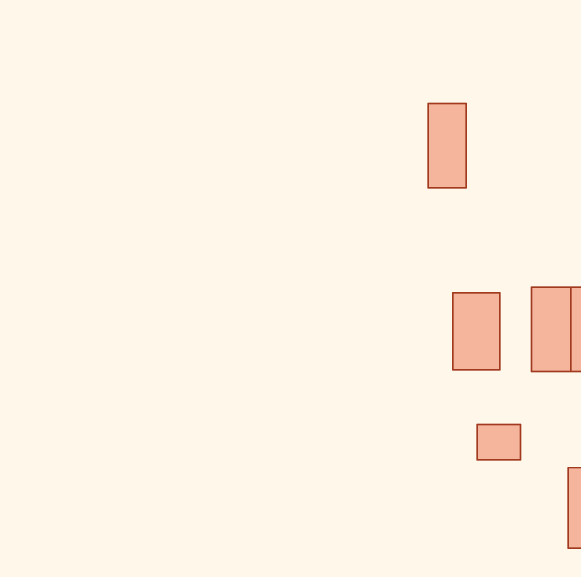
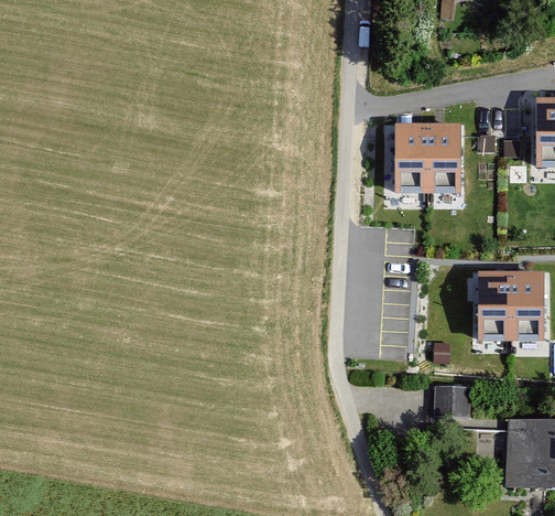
building: none -> [426,125,459,193]
building: [453,293,500,370] -> none

